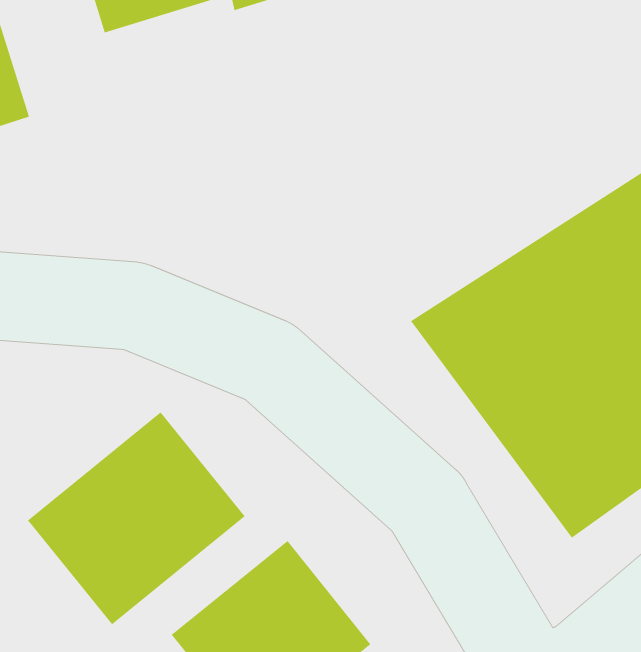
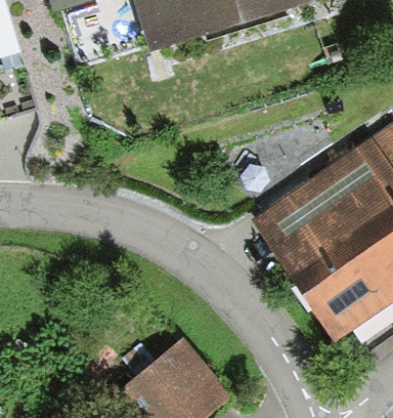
building: [27,411,246,625] -> none

